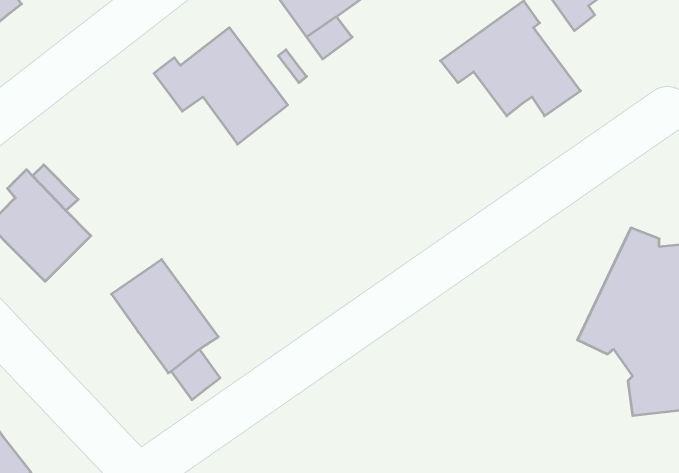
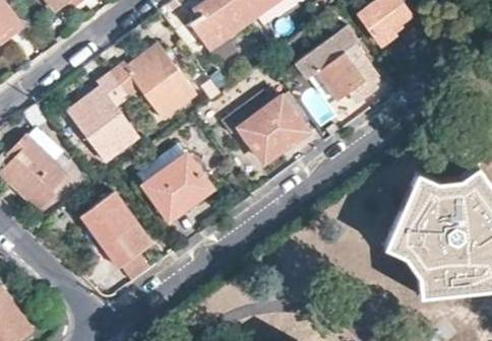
building: none -> [68,73,138,162]
building: none -> [222,86,305,160]
building: none -> [138,145,210,217]

